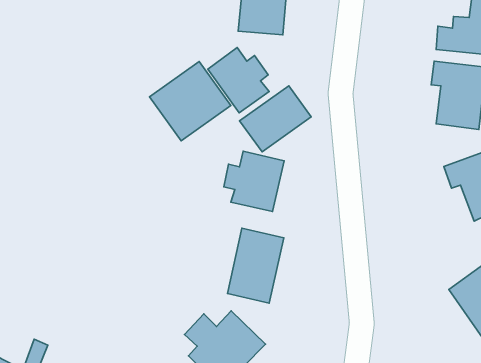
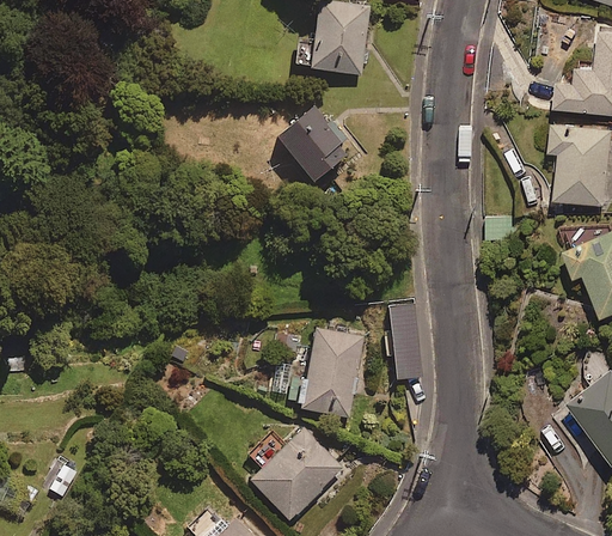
building: [150,62,231,141] -> none
building: [240,86,311,152] -> none
building: [224,151,284,212] -> none

